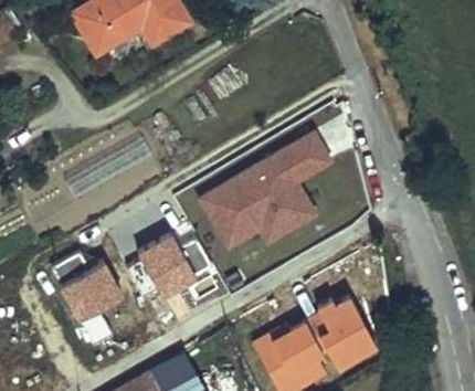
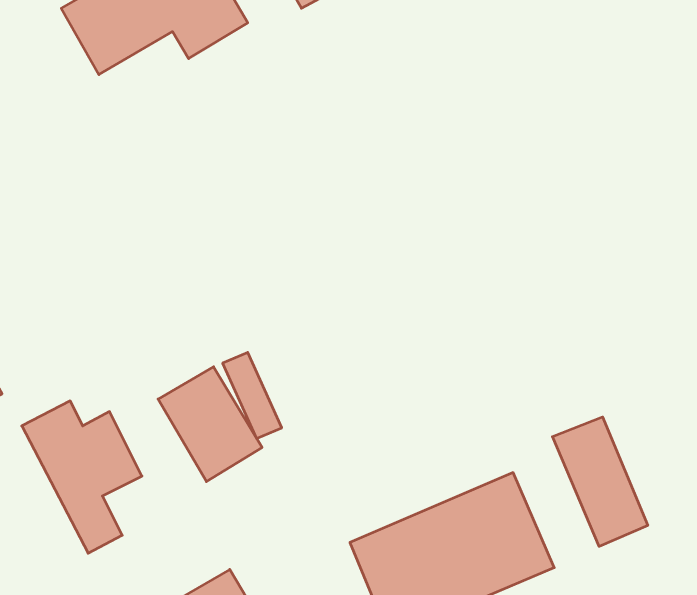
building: [193,130,332,252] -> none
building: none -> [552,417,648,546]

